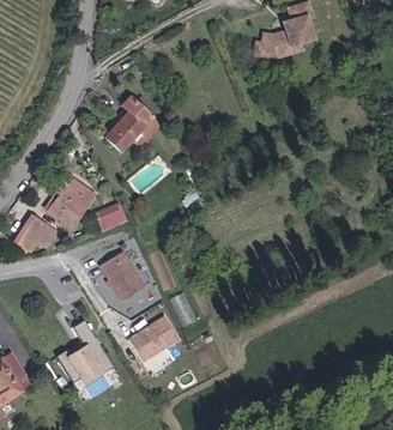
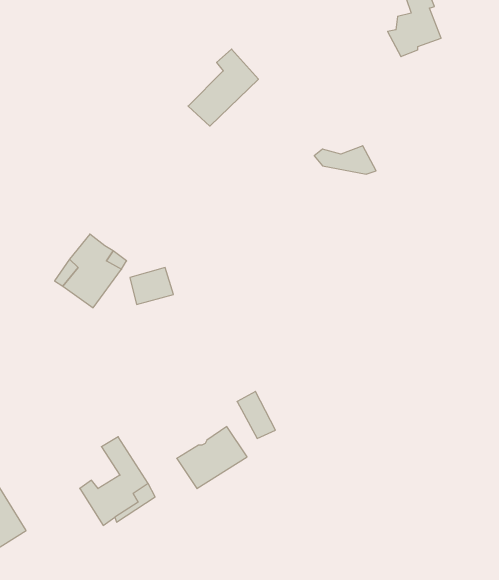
building: [246,34,290,54] -> [314,146,376,174]
building: [103,98,153,153] -> [188,49,258,126]
building: [12,217,43,252] -> none
building: [101,252,145,301] -> none

